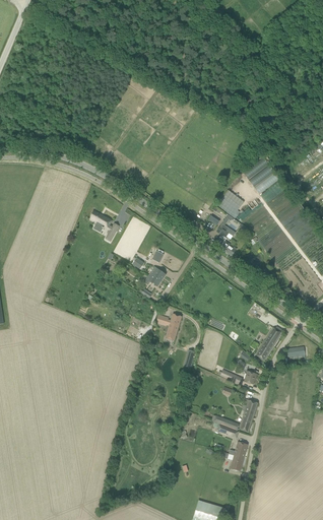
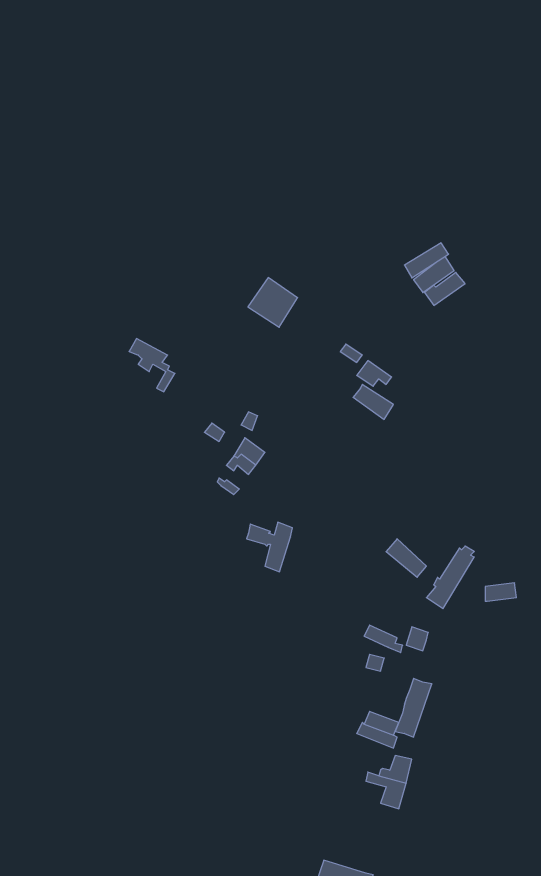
building: [215,189,243,216] -> [248,278,298,327]

